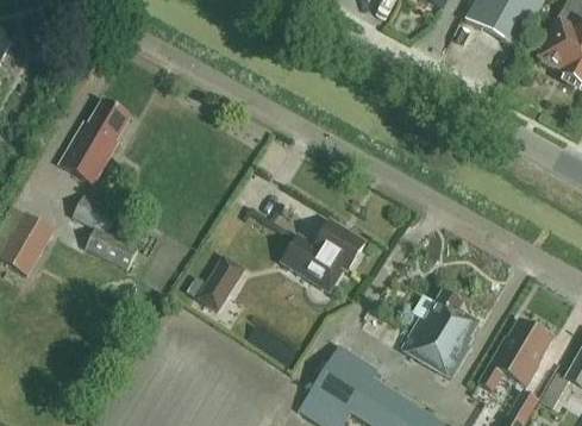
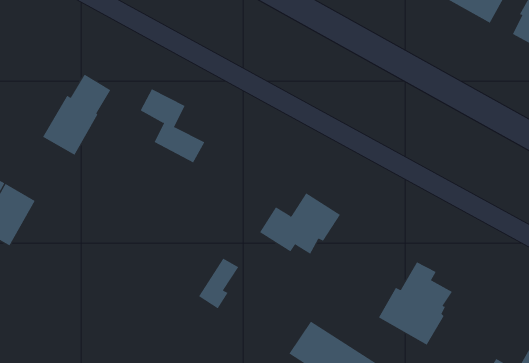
building: [71,192,138,268] -> [140,88,205,163]
building: [198,256,239,308] -> [198,258,239,309]
building: [480,319,552,389] -> none

